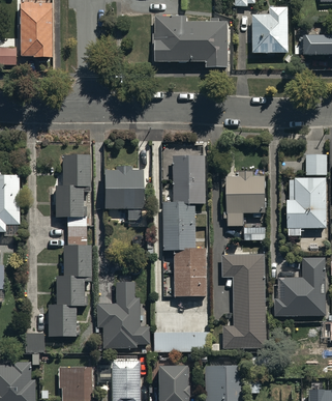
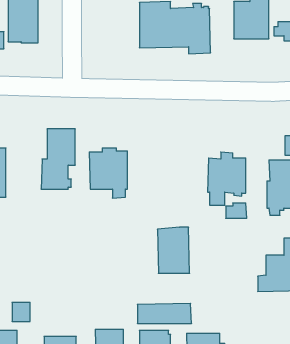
building: [162,156,206,253] -> none
building: [47,212,90,330] -> none
building: [222,256,266,342] -> none
building: [95,276,149,342] -> none

